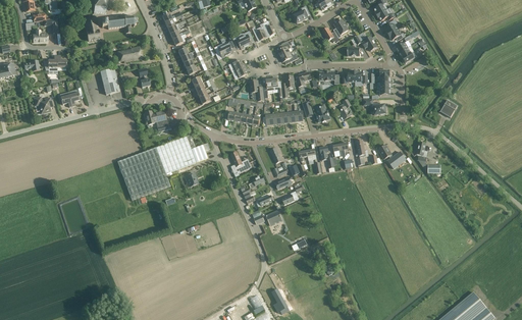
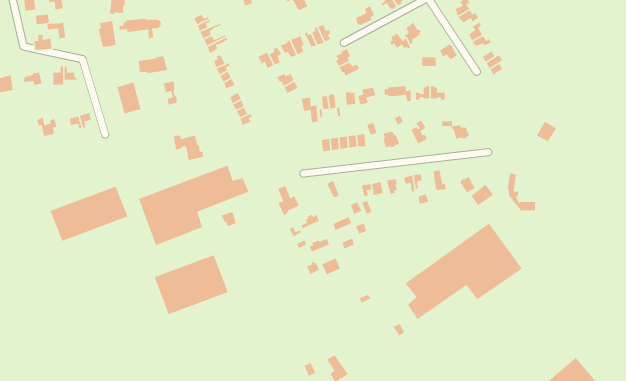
building: none -> [50,185,128,242]
building: none -> [404,223,523,320]
building: none -> [154,254,229,315]

